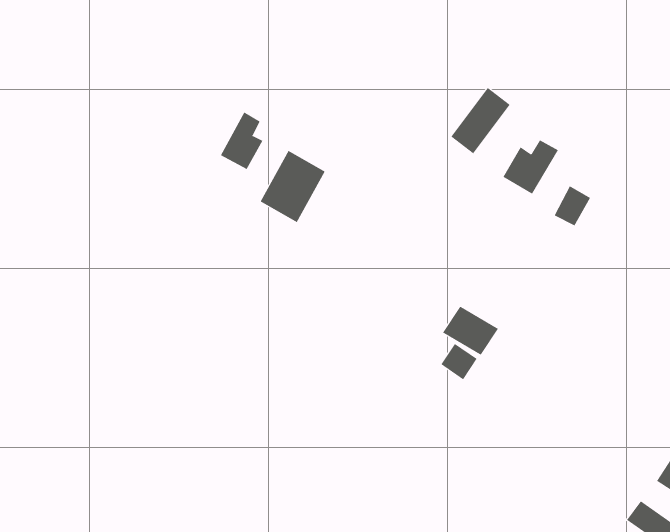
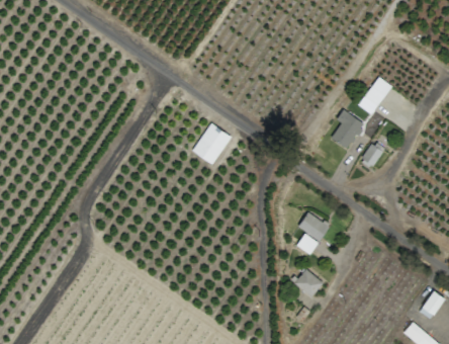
building: [450,87,511,154] -> [358,76,392,114]
building: [220,111,263,170] -> none
building: none -> [294,268,323,296]

